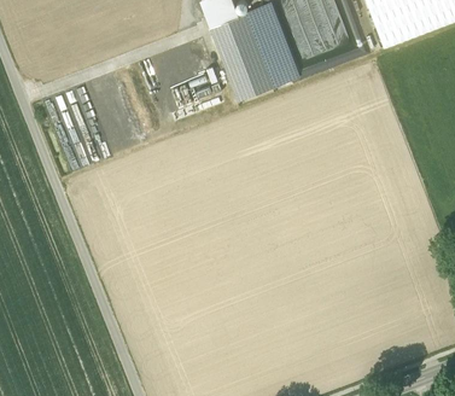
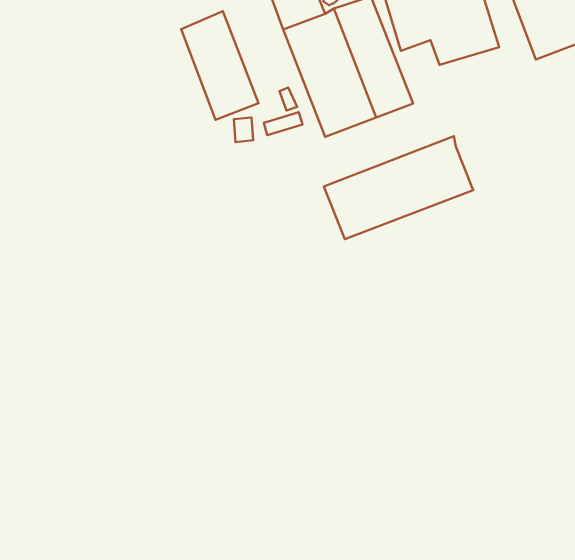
building: none -> [181,11,259,120]
building: none -> [324,136,473,239]

